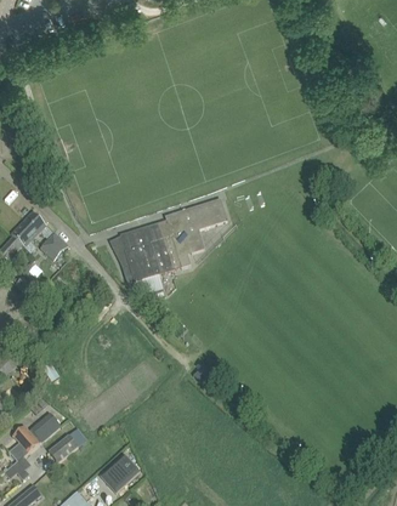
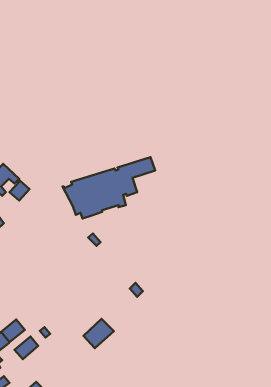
building: [100,456,138,494] -> [84,319,114,348]

